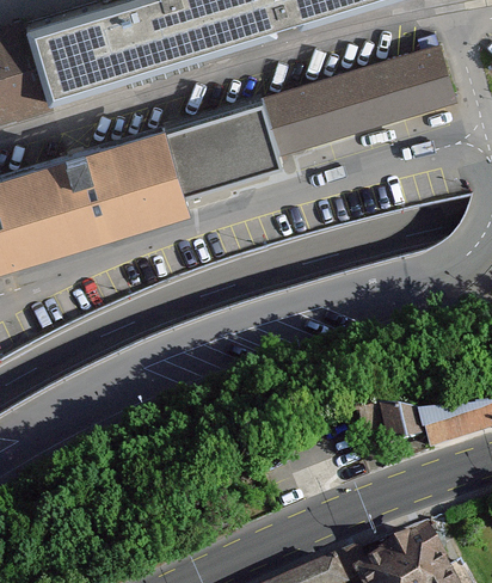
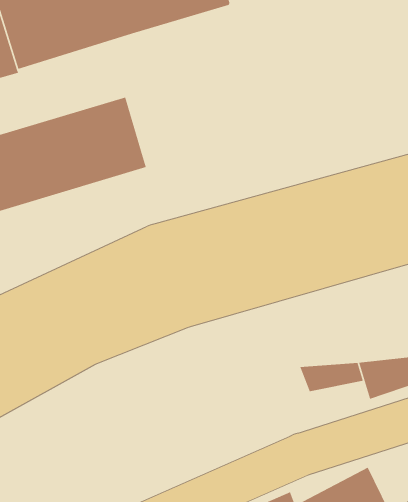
building: [165,47,454,195] -> none

